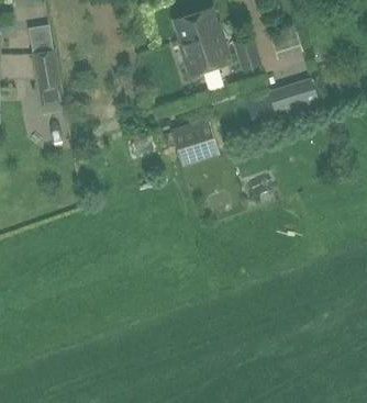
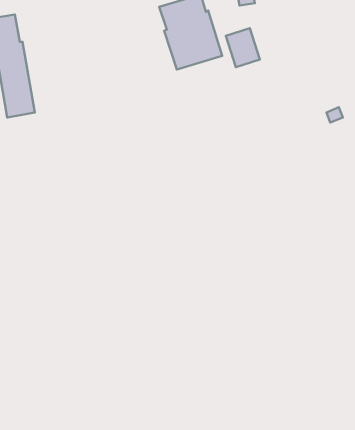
building: [267,78,319,122] -> none
building: [169,119,218,167] -> none

